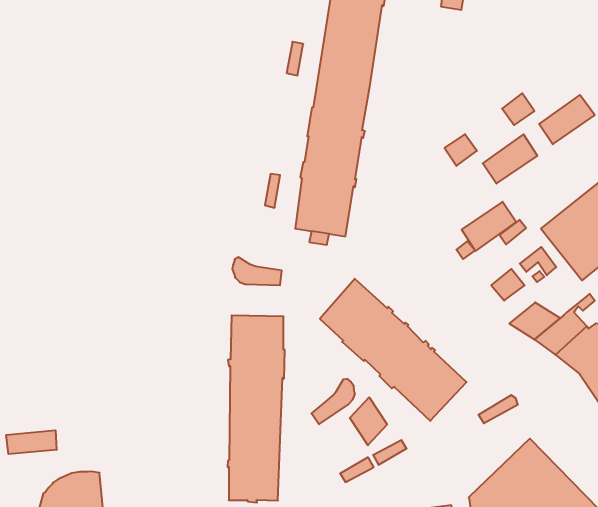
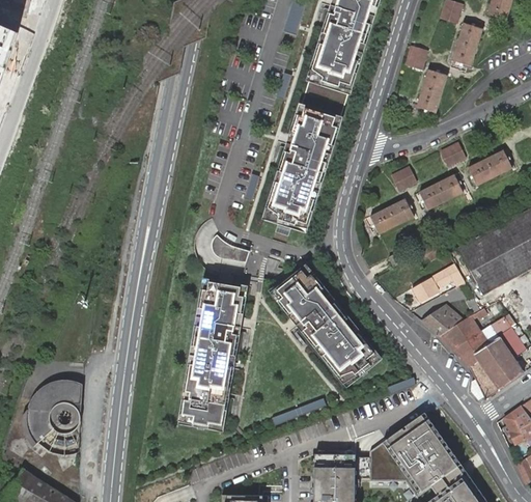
building: none -> [416,69,447,112]
building: [462,202,516,251] -> [370,199,414,234]
building: [311,379,355,424] -> none
building: [350,397,387,445] -> none
building: [6,430,57,454] -> none

